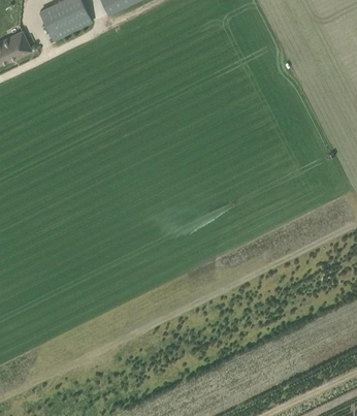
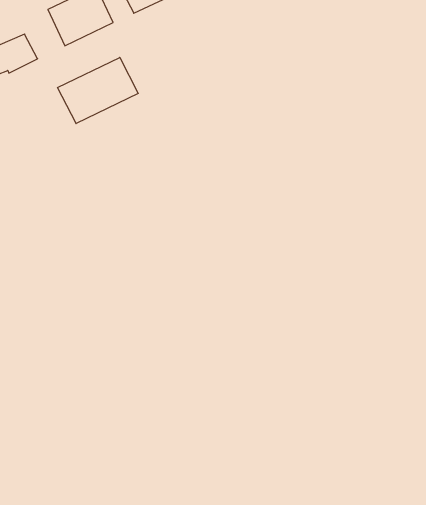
building: none -> [58,57,138,124]

